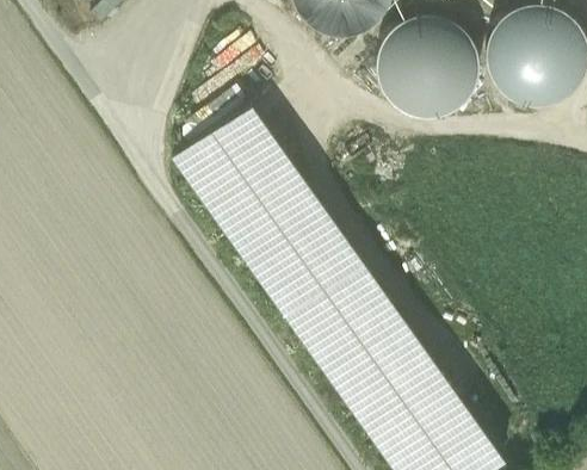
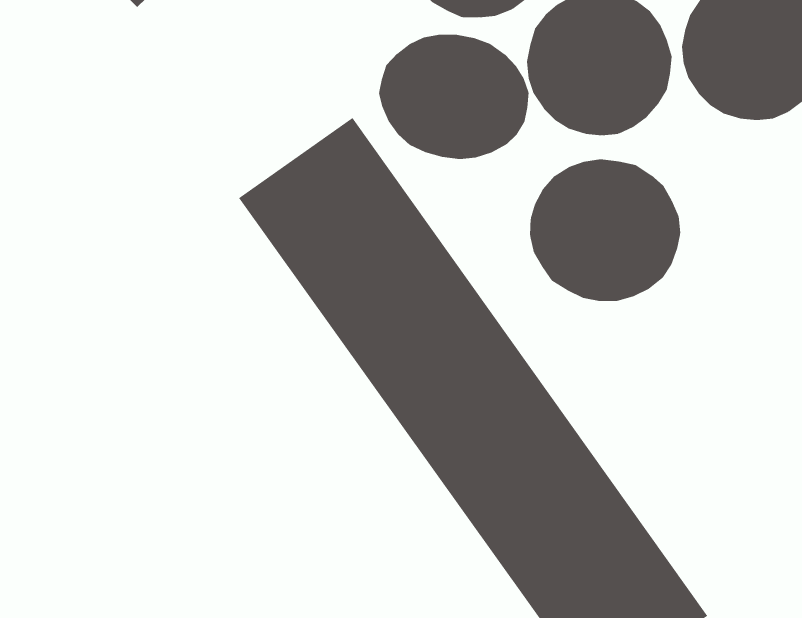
building: none -> [379,34,529,160]
building: none -> [530,158,681,302]

